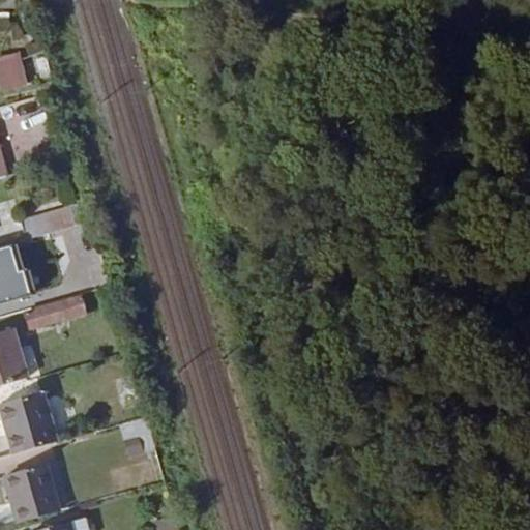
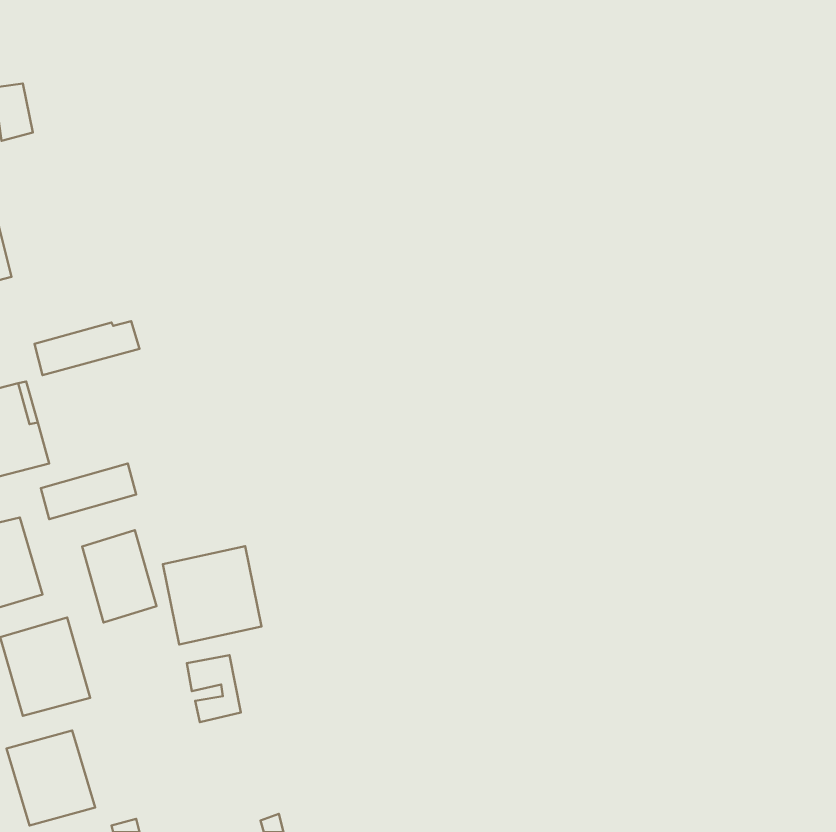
building: none -> [82,530,156,623]
building: none -> [163,546,261,644]

